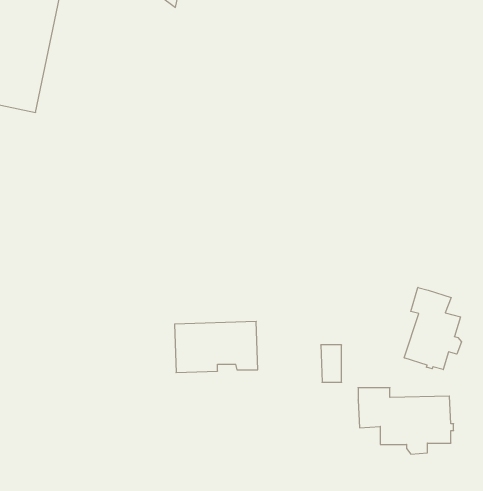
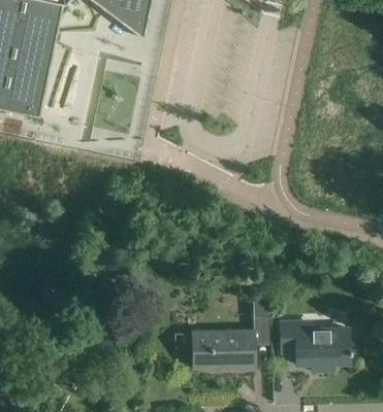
building: [404,287,462,370] -> none
building: [175,321,258,373] -> [192,330,254,368]

